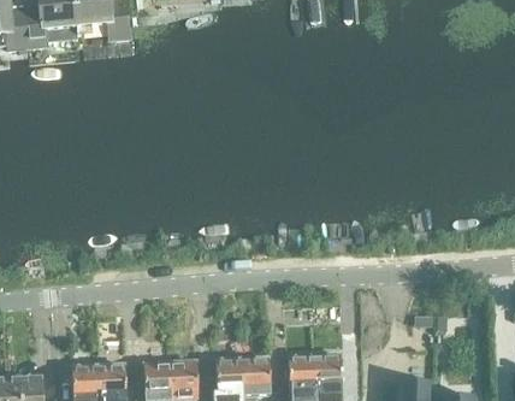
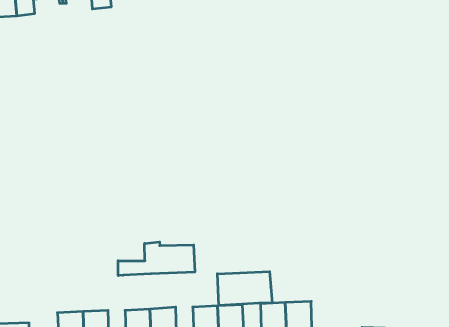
building: none -> [118,242,195,276]
building: none -> [217,272,272,305]

